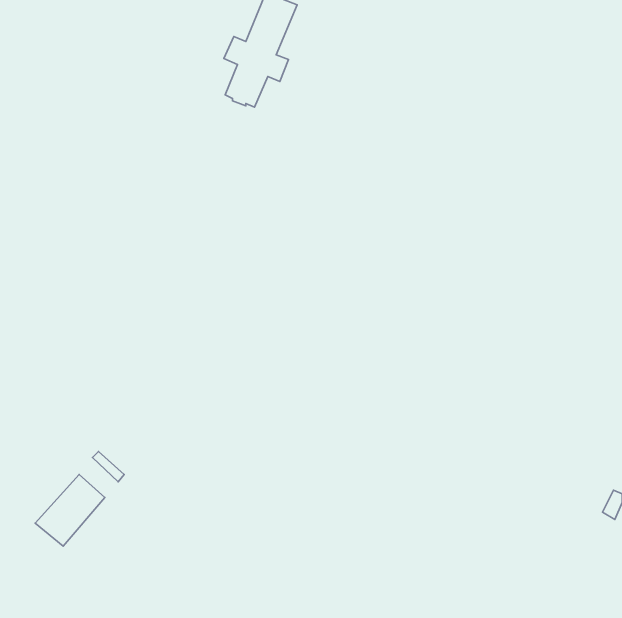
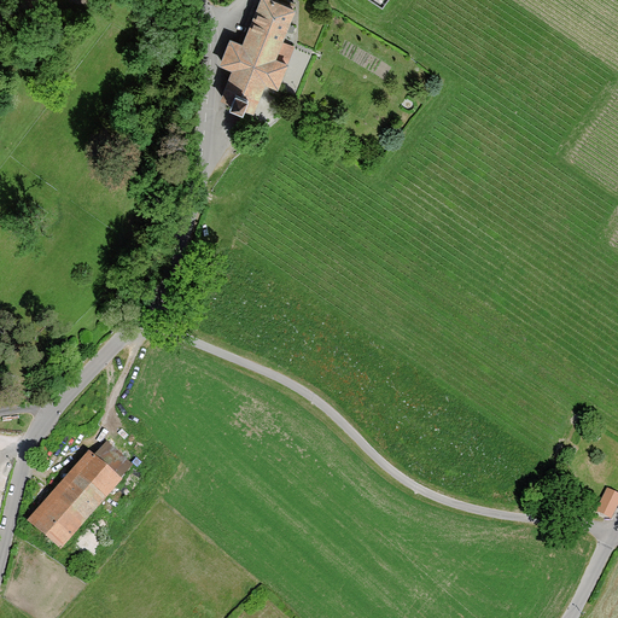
building: none -> [78,454,117,494]

